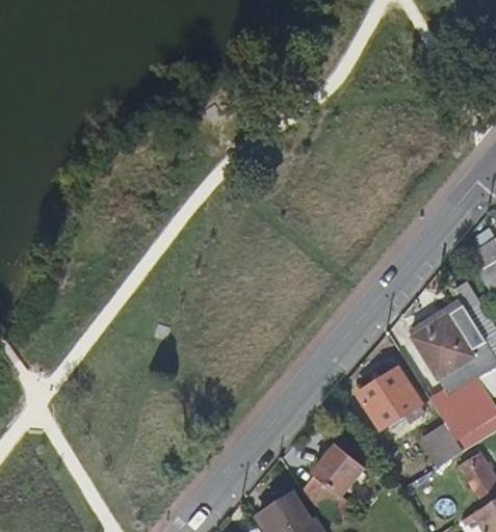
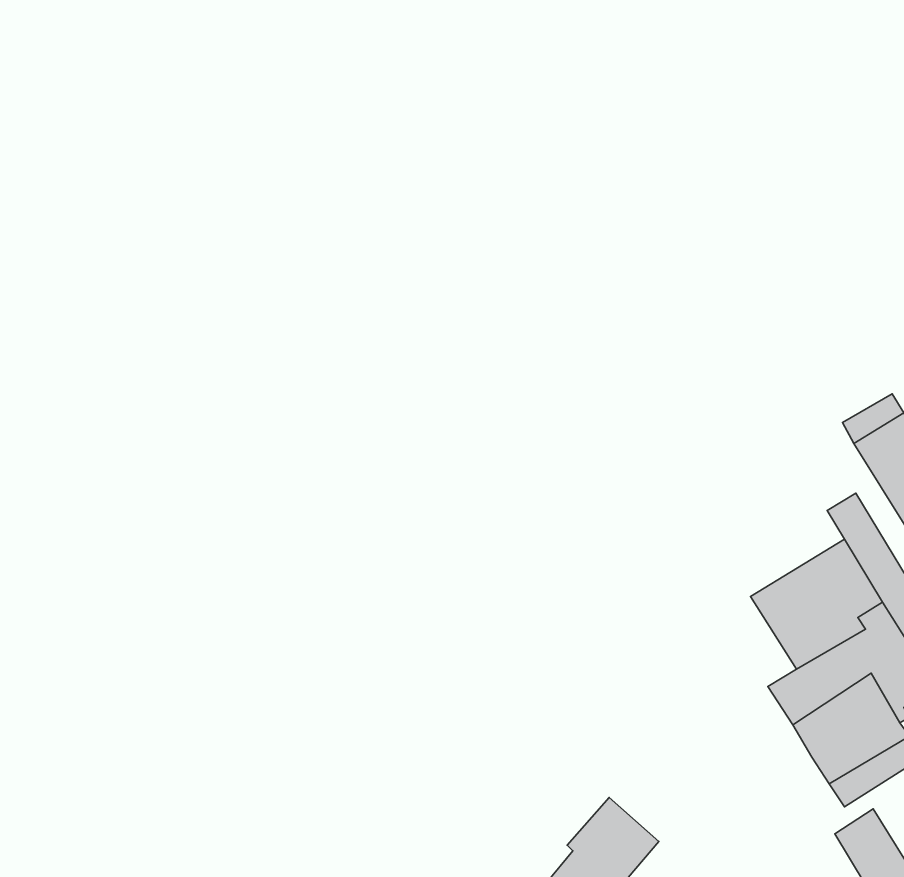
building: [358,370,422,427] -> none
building: [420,424,463,468] -> none

